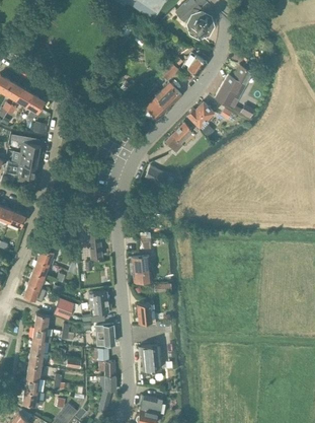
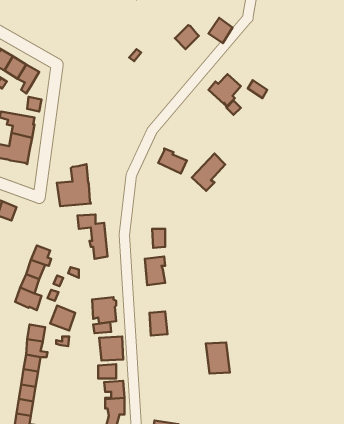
building: [215,65,253,110] -> none
building: [143,84,181,123] -> none
building: [164,123,192,154] -> [192,154,225,191]
building: none -> [57,164,91,206]
building: [140,346,160,372] -> [206,342,230,374]

